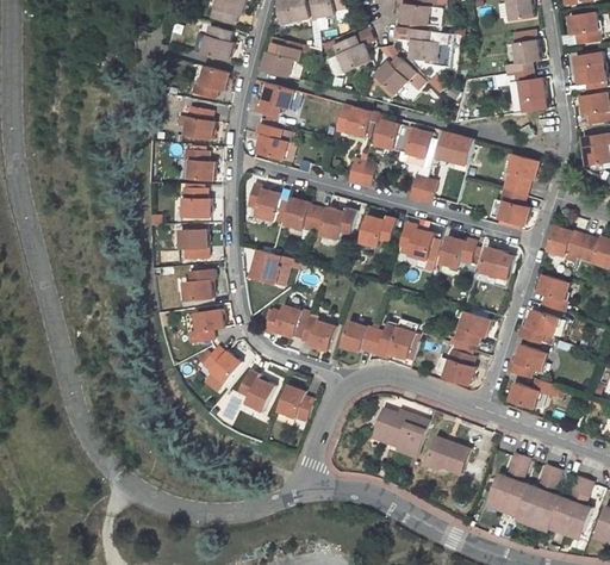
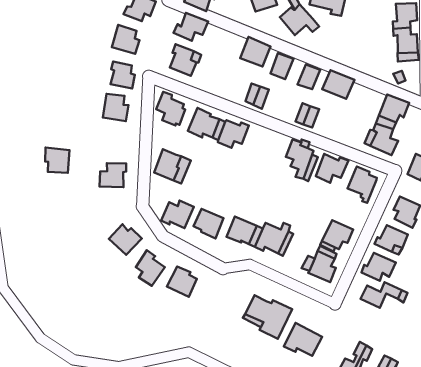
building: [360,212,394,243] -> none
building: [175,231,205,260] -> [45,147,69,173]
building: [187,308,223,342] -> none

